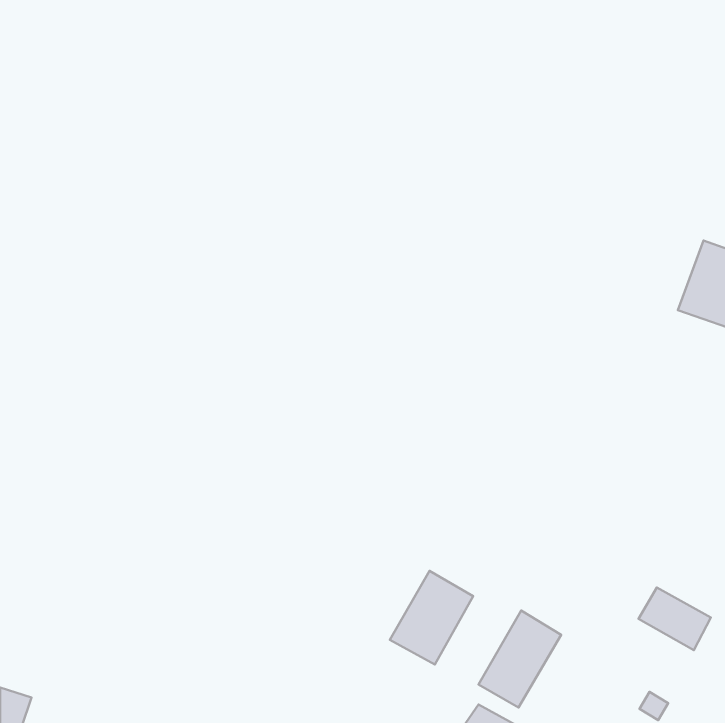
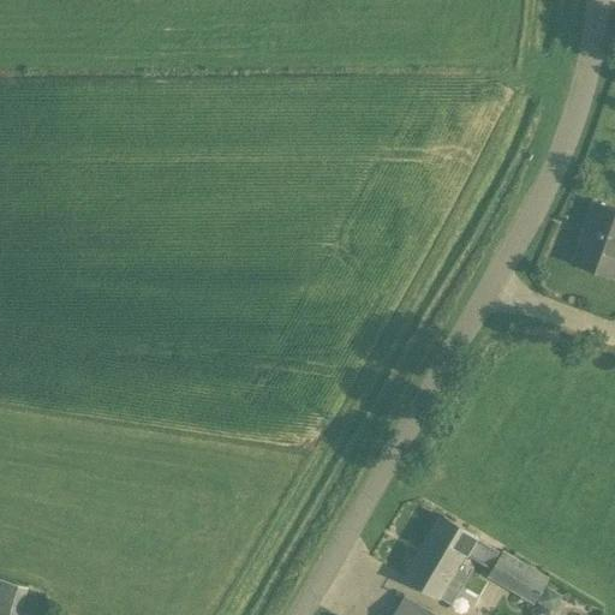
building: [390,571,473,665] -> none
building: [638,588,711,650] -> [489,554,550,607]

